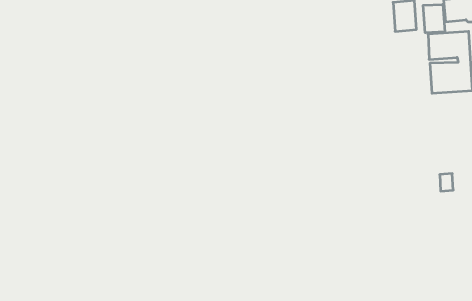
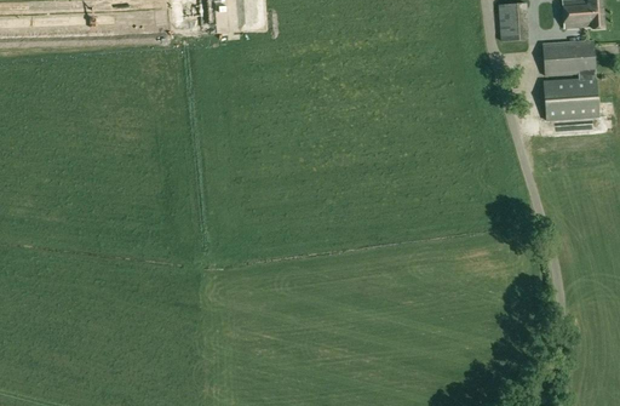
building: [423,4,445,33] -> none

